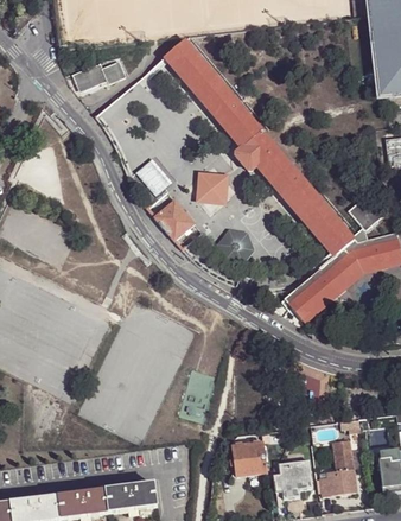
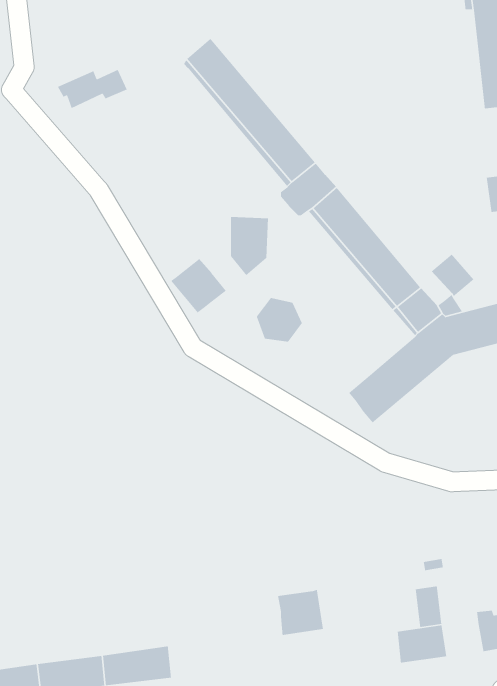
building: [132,161,170,201] -> none
building: [274,460,312,497] -> none

